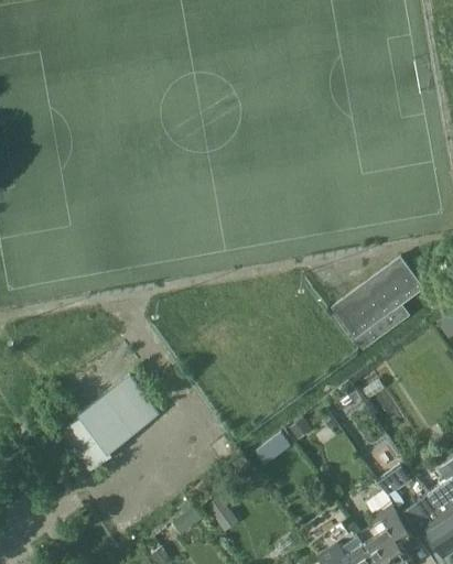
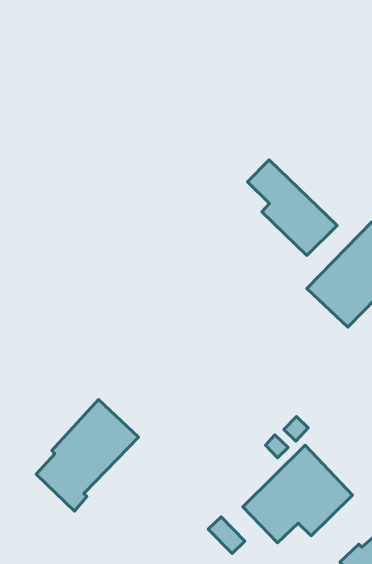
building: none -> [248,160,337,255]
building: none -> [243,445,353,543]

